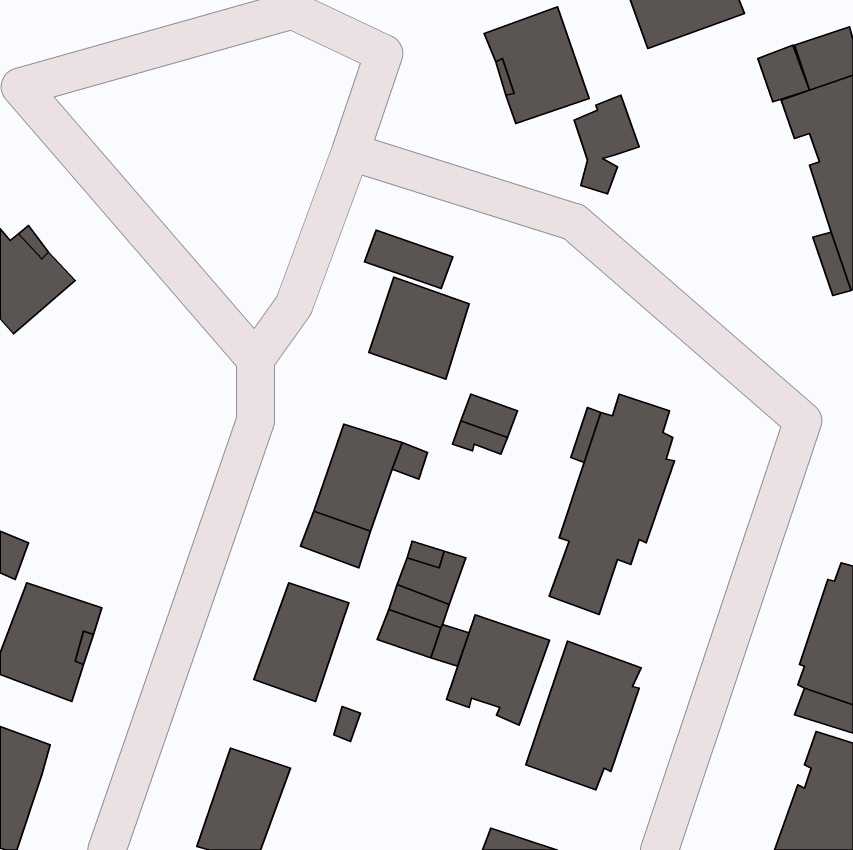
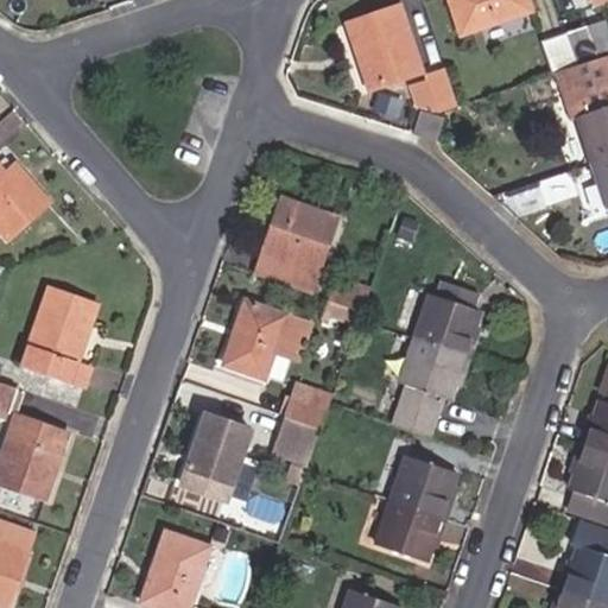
building: [364,230,453,289] -> [254,251,317,292]
building: none -> [25,286,101,385]
building: [446,615,549,725] -> none

